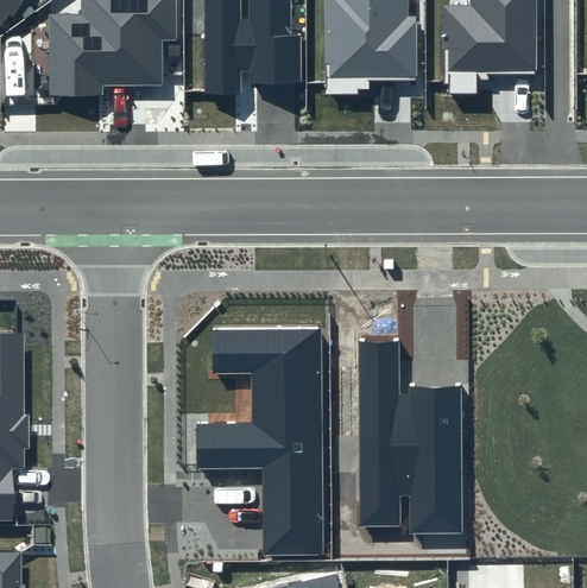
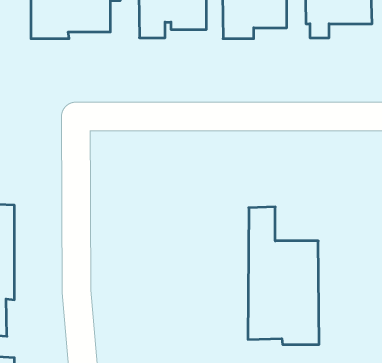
building: [196,328,323,555] -> none

